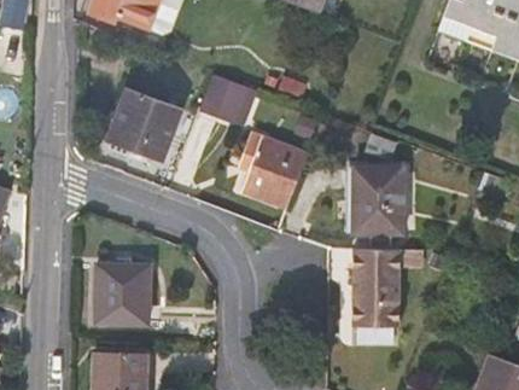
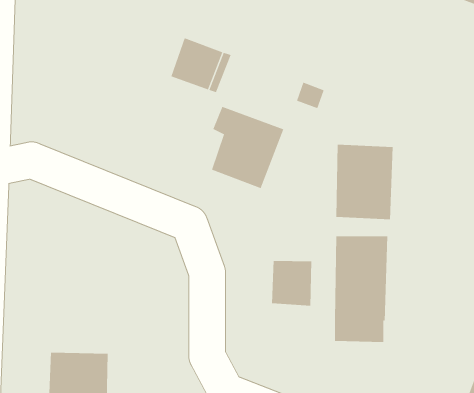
building: [112,89,186,163] -> none
building: [94,264,148,322] -> none
building: none -> [271,260,312,306]

